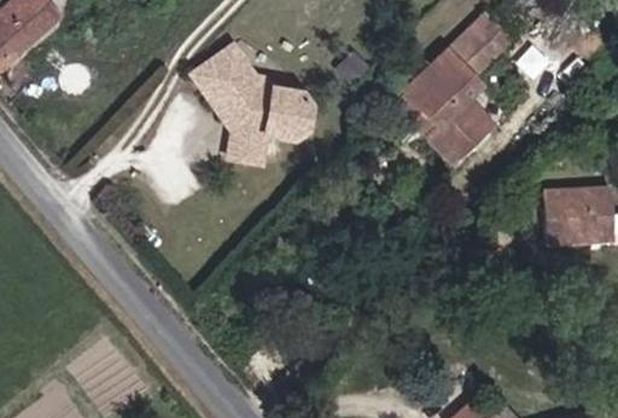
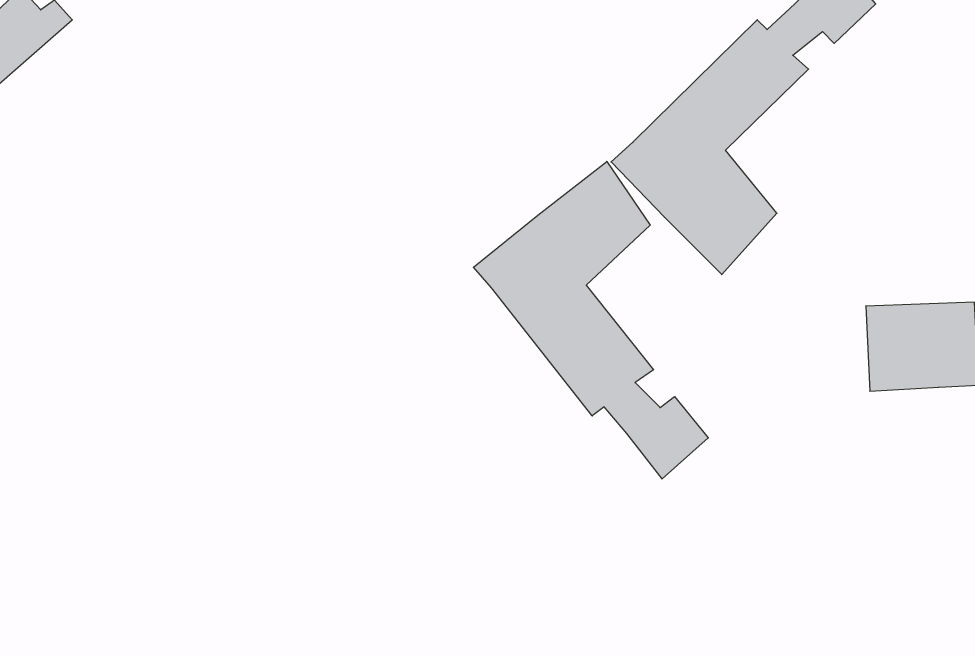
building: [179,34,316,159] -> none
building: none -> [473,161,708,479]

